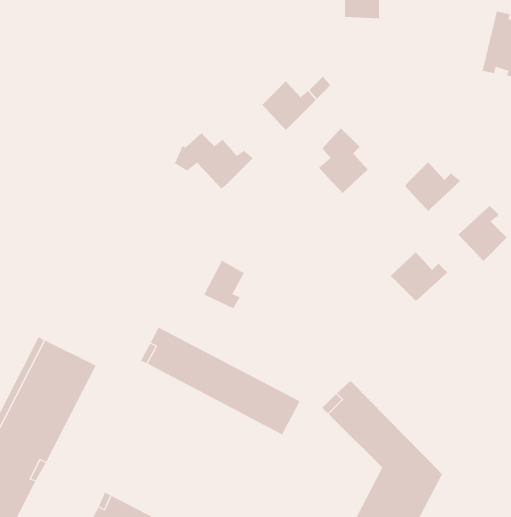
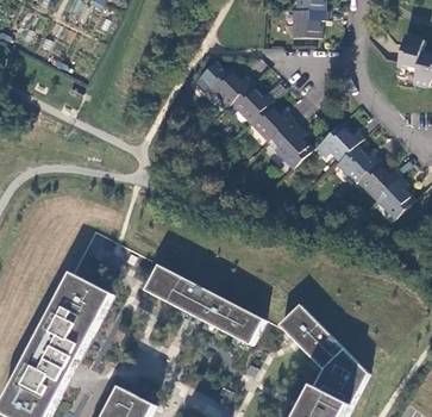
building: none -> [250,102,292,141]
building: none -> [320,122,362,158]
building: [174,132,253,189] -> [194,62,252,104]
building: [390,252,448,302] -> [357,160,400,197]
building: [204,260,245,309] -> none

